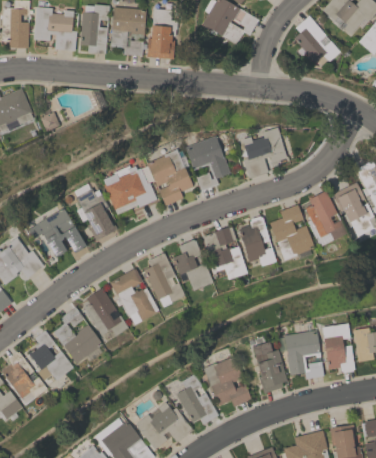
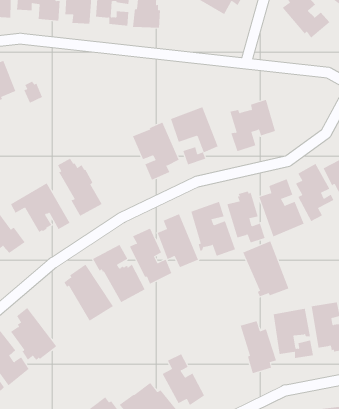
building: [103,166,157,210] -> none
building: none -> [242,240,289,297]
building: [53,307,103,364] -> none
building: [203,356,251,407] -> none

